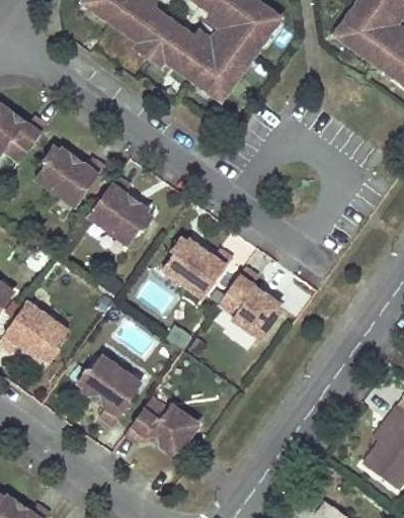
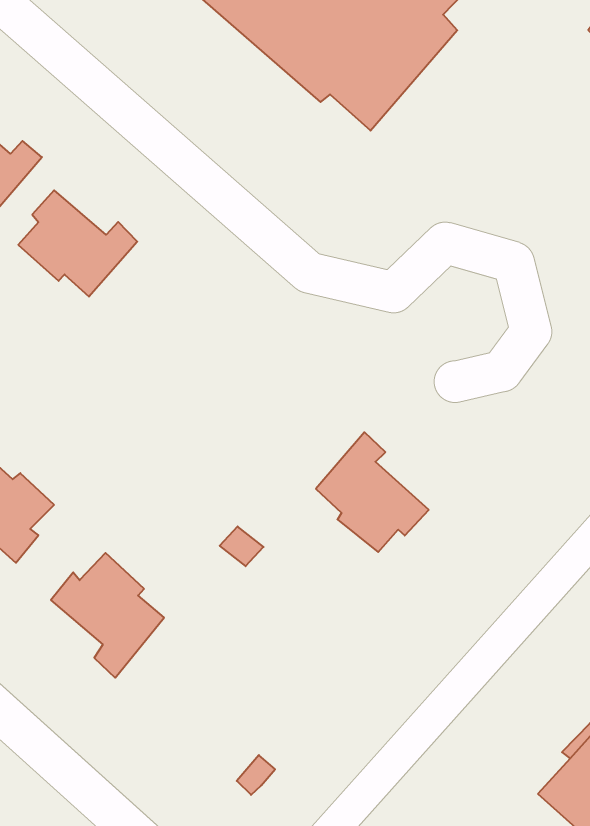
building: [89,177,154,245] -> none
building: [162,236,231,292] -> none
building: [123,399,193,459] -> none

